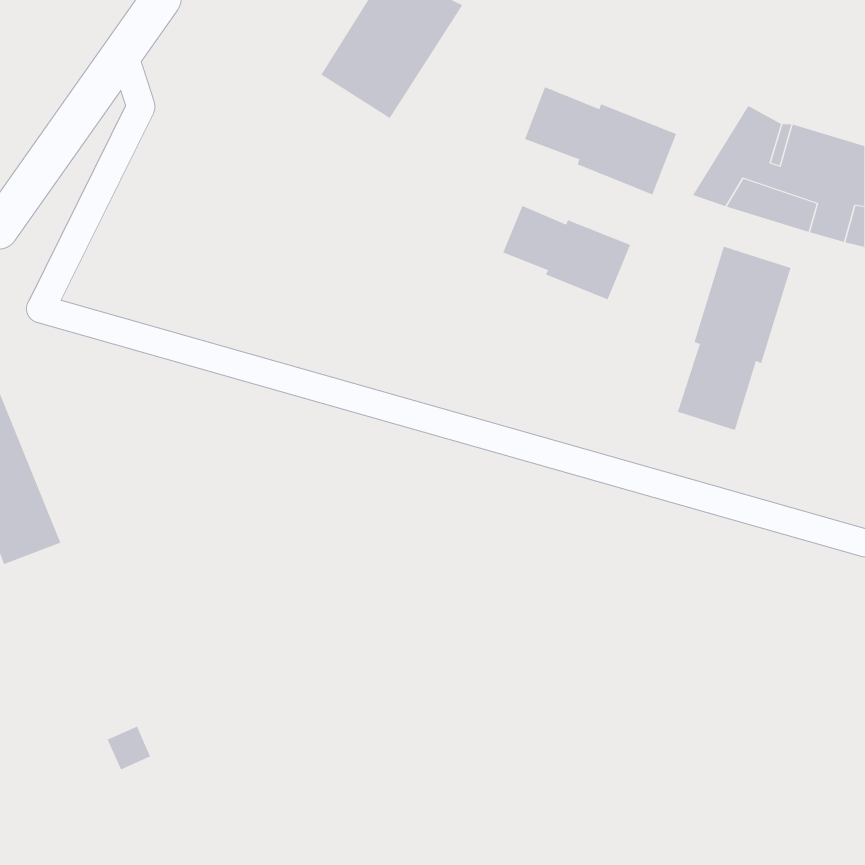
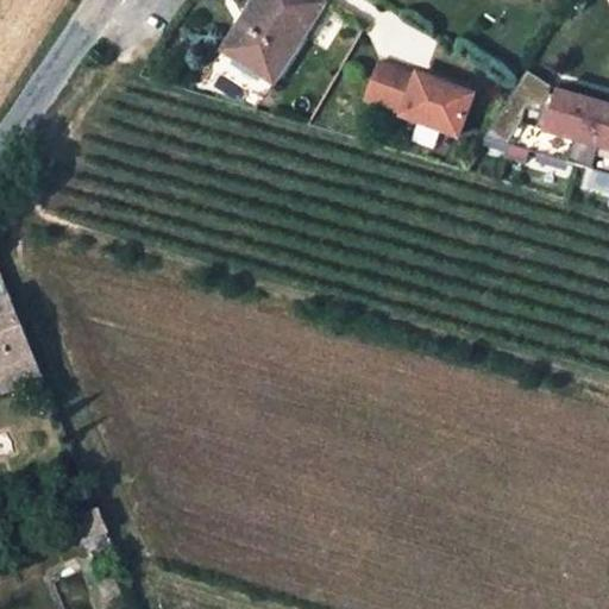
building: [502,205,631,300] -> none
building: [677,246,791,431] -> none

